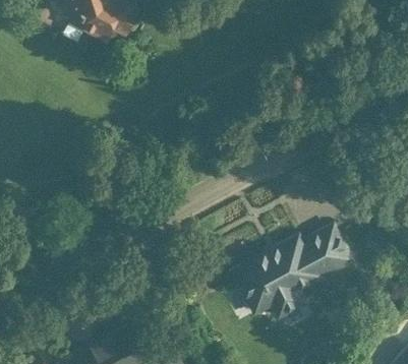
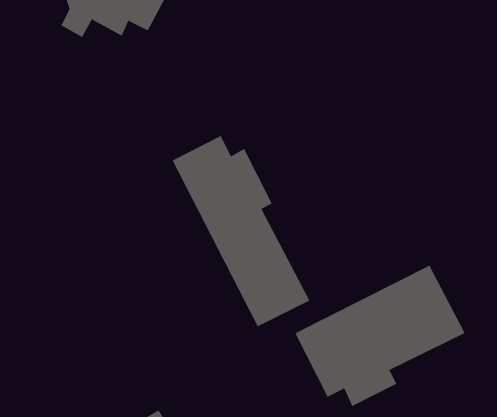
building: none -> [172,135,310,327]

